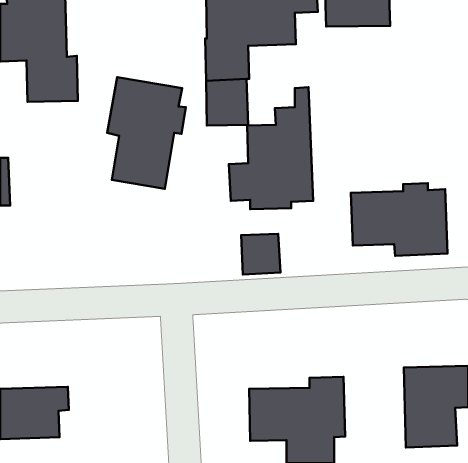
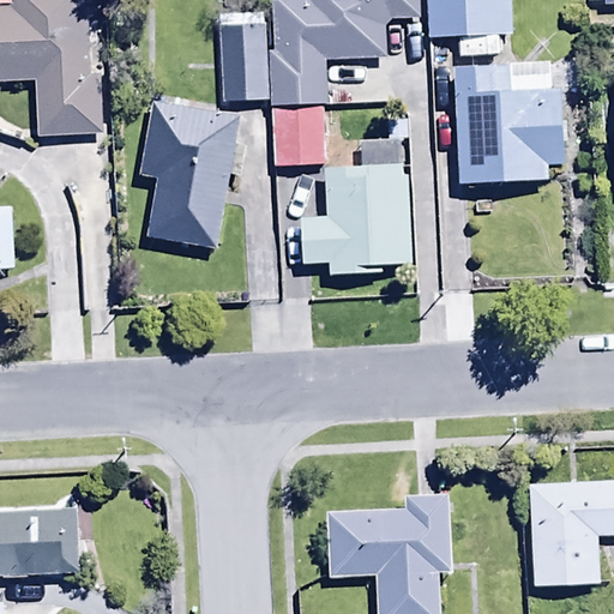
building: none -> [217,20,266,101]
building: none -> [453,65,562,185]
building: [351,183,448,256] -> none
building: [241,234,280,275] -> none

